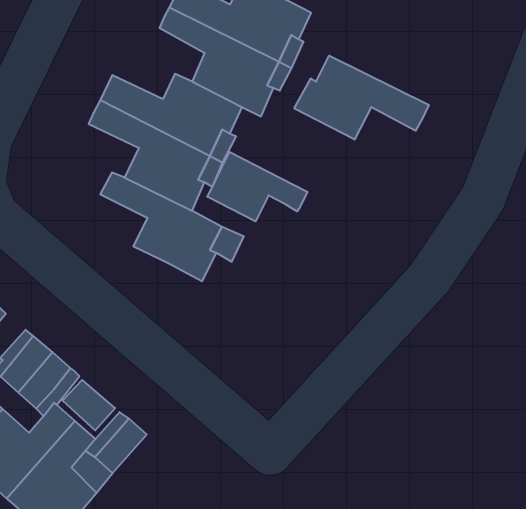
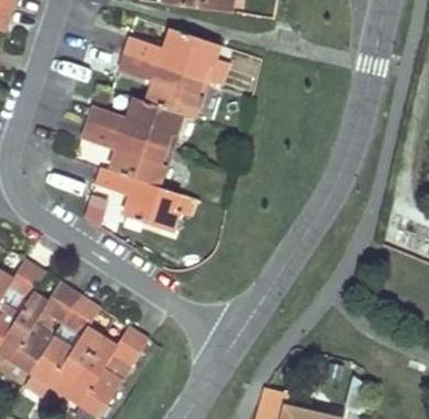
building: [294,56,429,140] -> none
building: [207,152,307,221] -> none

